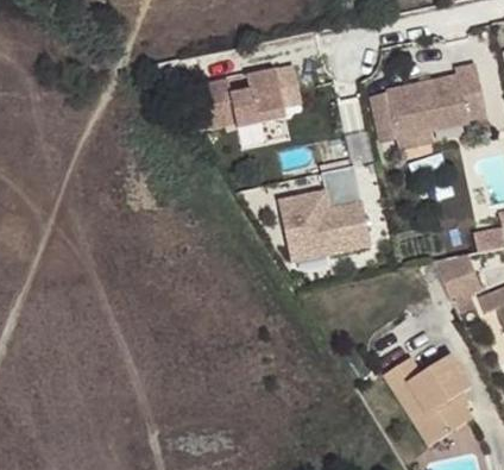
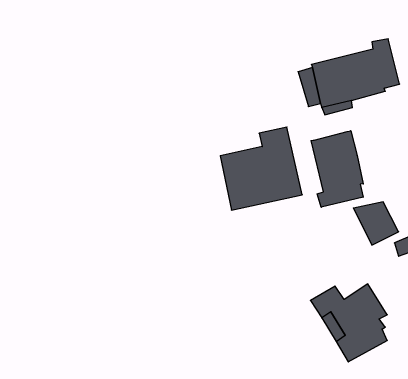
building: [197,68,286,127] -> none
building: none -> [311,131,363,207]

